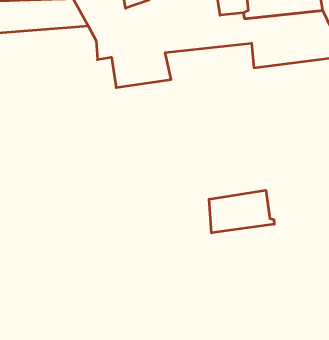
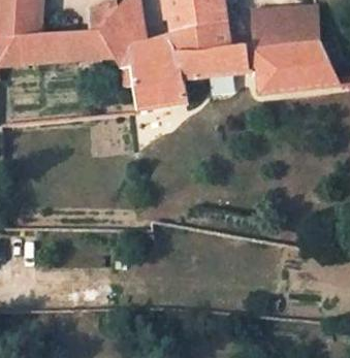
building: [209,190,274,233] -> none

